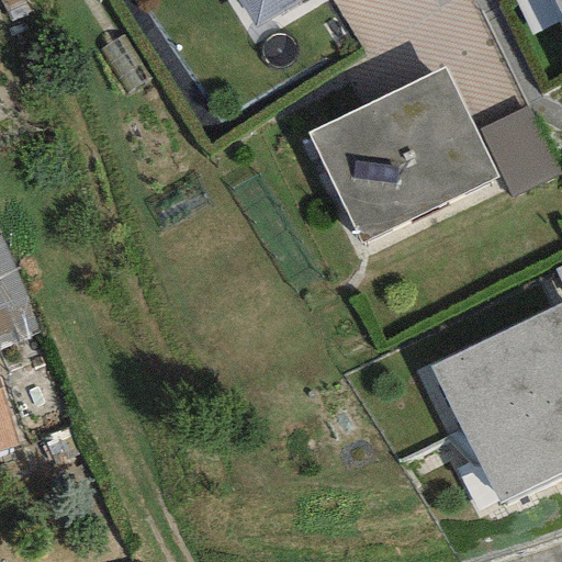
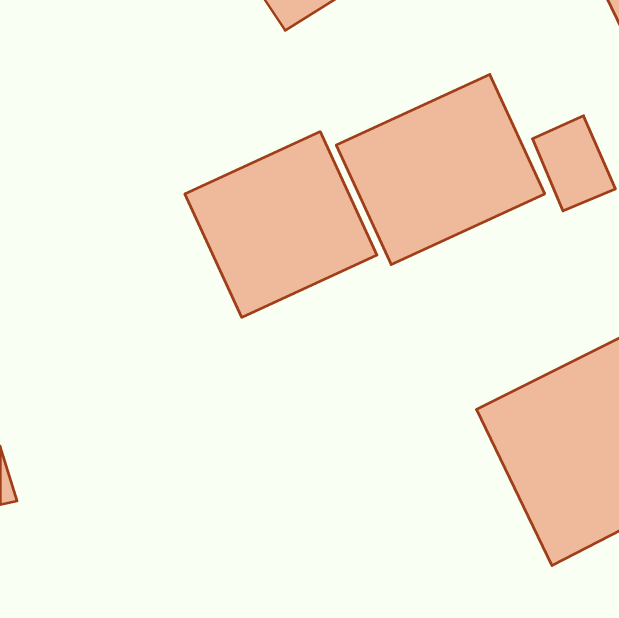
building: none -> [185,132,377,317]

